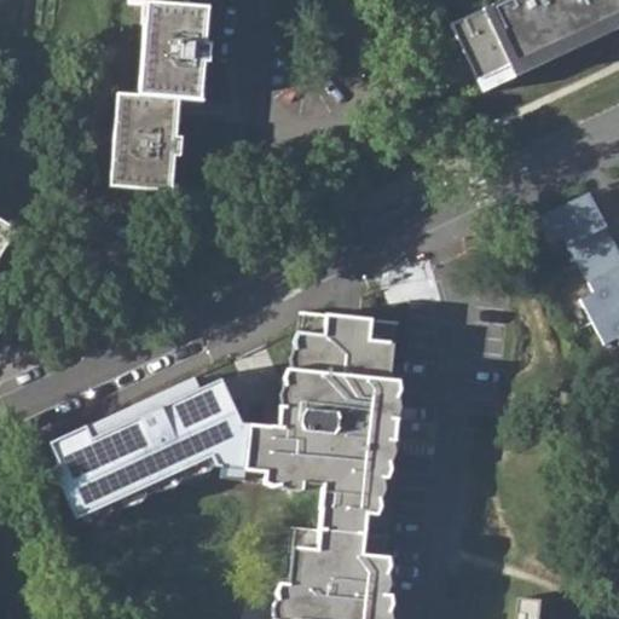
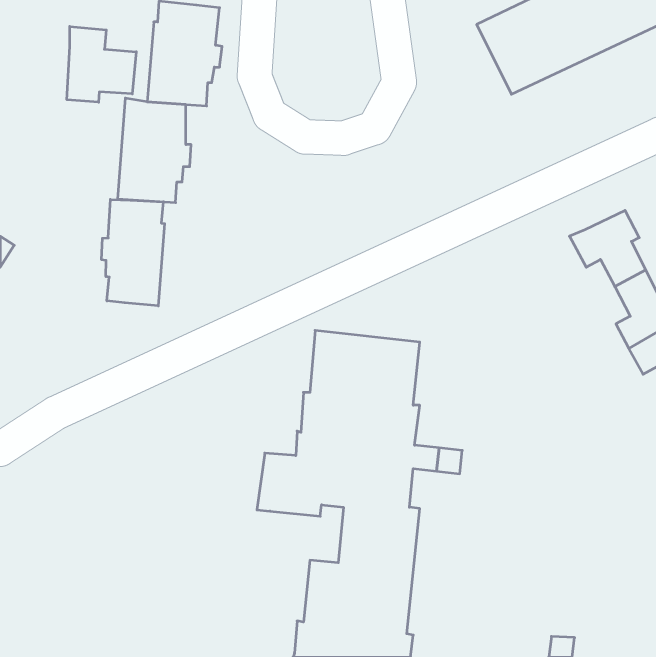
building: none -> [67,26,136,102]
building: none -> [102,199,165,306]
building: [52,376,251,527] -> none

